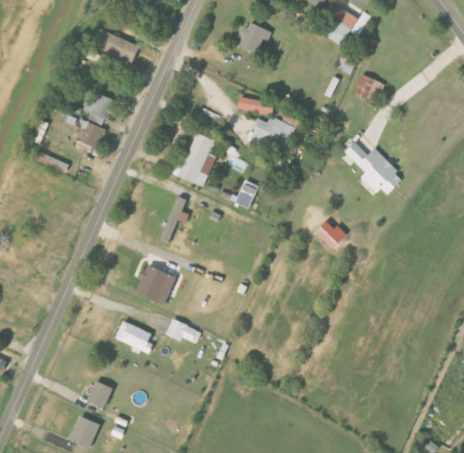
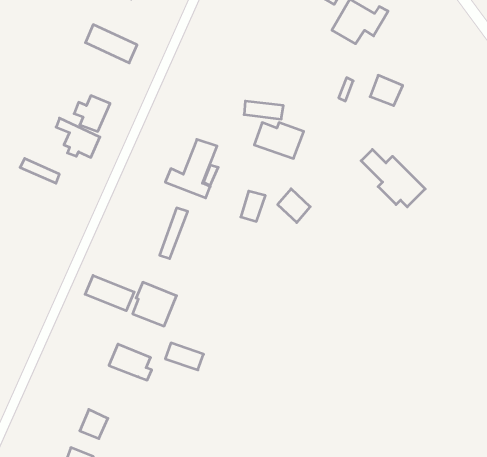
building: [239,21,270,56] -> none
building: [316,219,345,250] -> [278,189,310,223]
building: none -> [85,275,134,311]

